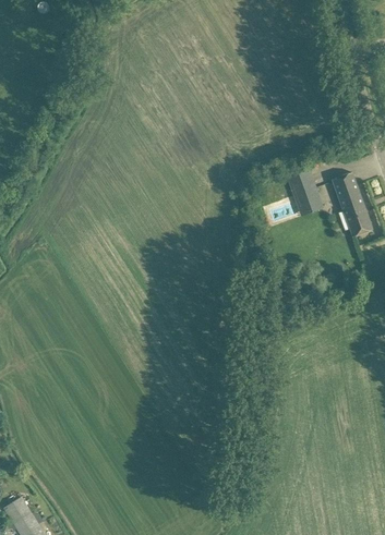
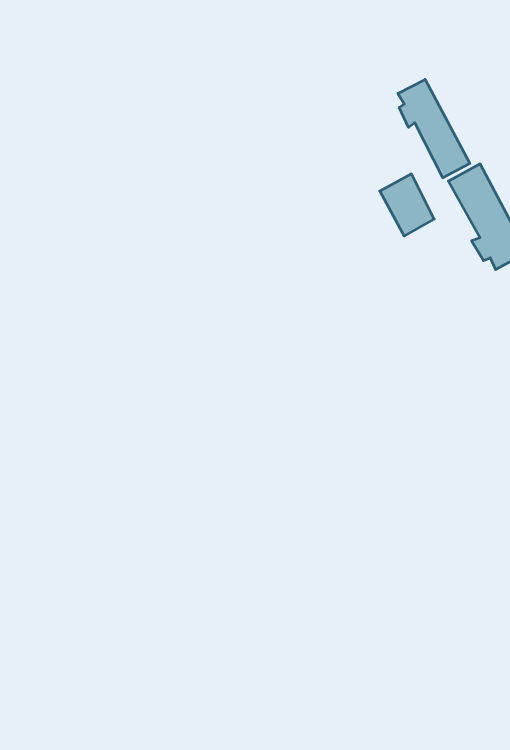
building: none -> [398,79,470,178]

